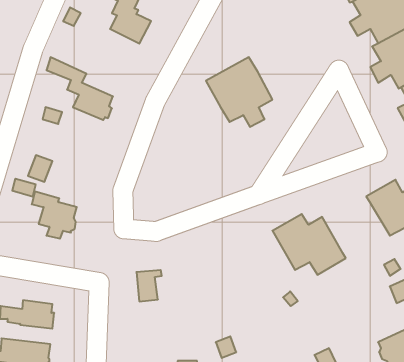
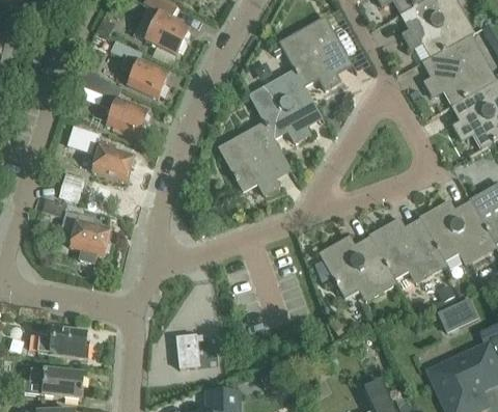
building: none -> [278,17,350,90]
building: none -> [111,39,170,98]
building: none -> [218,122,289,196]
building: none -> [92,139,135,182]
building: none -> [368,218,446,280]
building: [136,270,162,301] -> [176,335,203,368]

